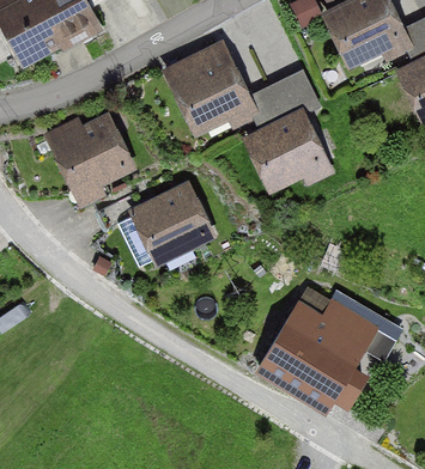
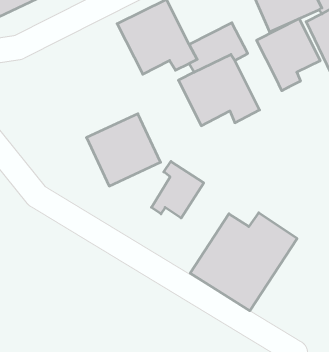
building: none -> [257,19,320,91]
building: [44,110,139,206] -> none
building: none -> [151,161,204,218]

